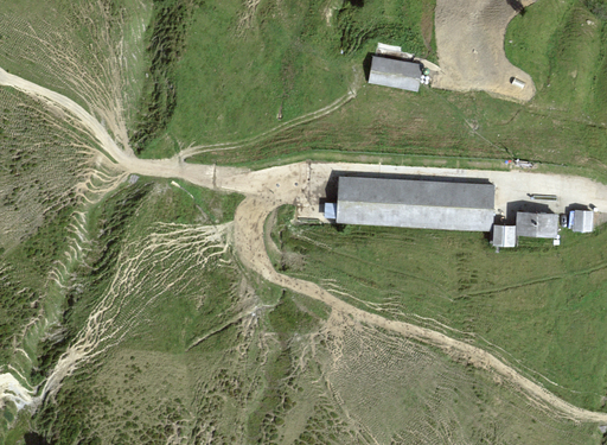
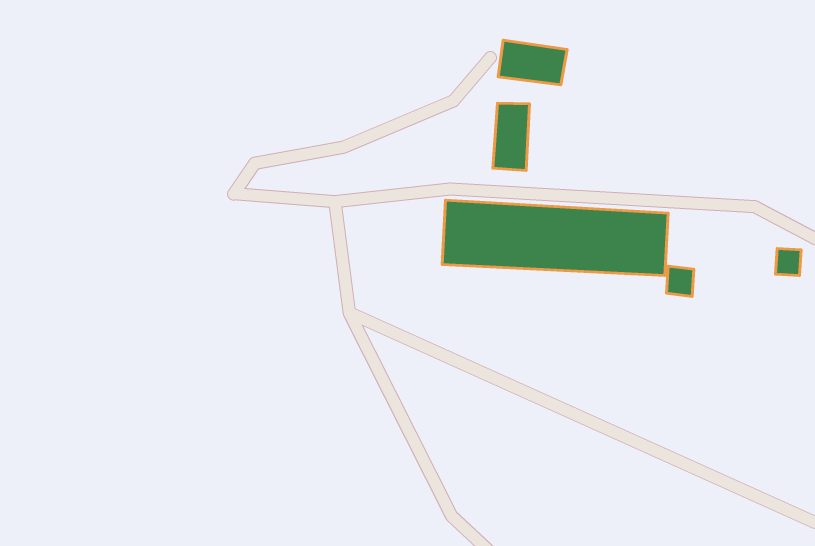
building: none -> [493,103,529,170]
building: [516,208,560,237] -> none

